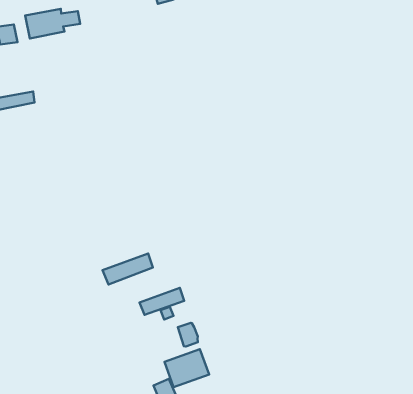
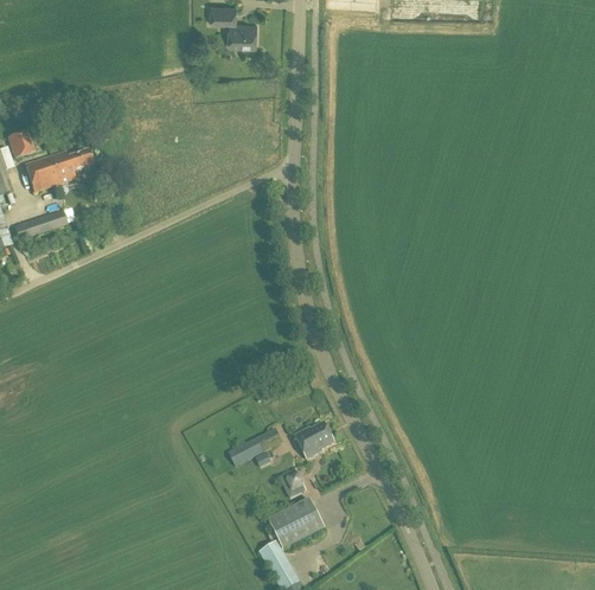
building: [25,9,80,38] -> [24,149,92,191]
building: [103,253,153,284] -> none
building: none -> [293,421,333,457]

